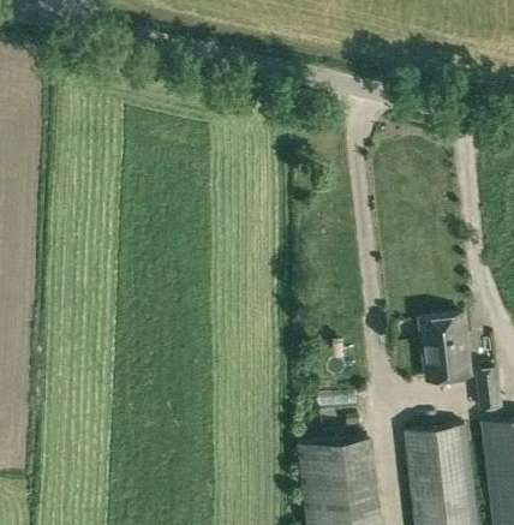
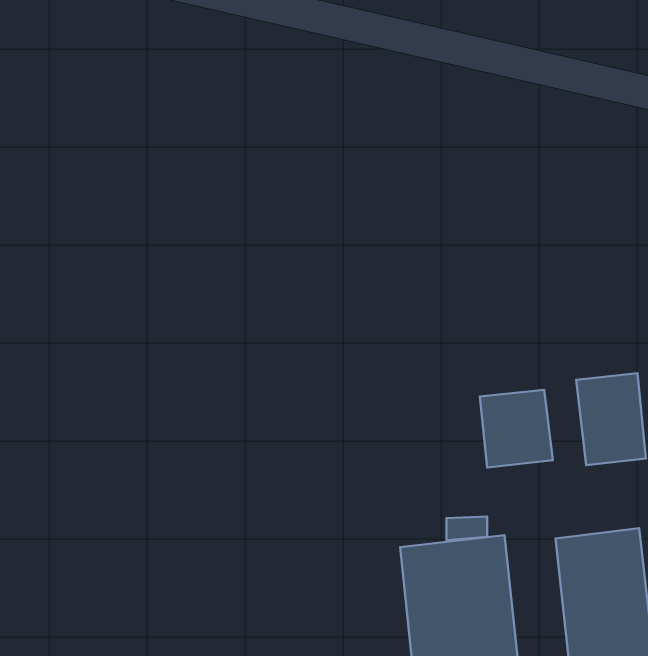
building: none -> [480,390,553,467]

